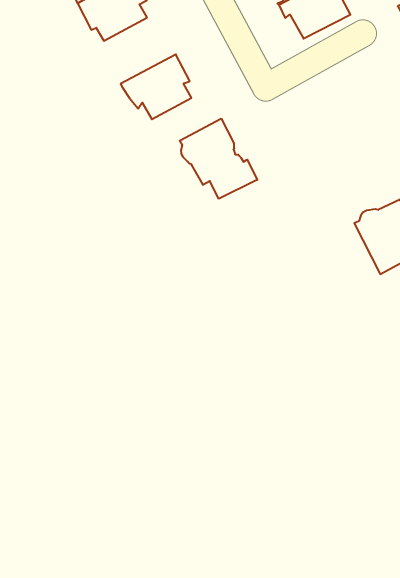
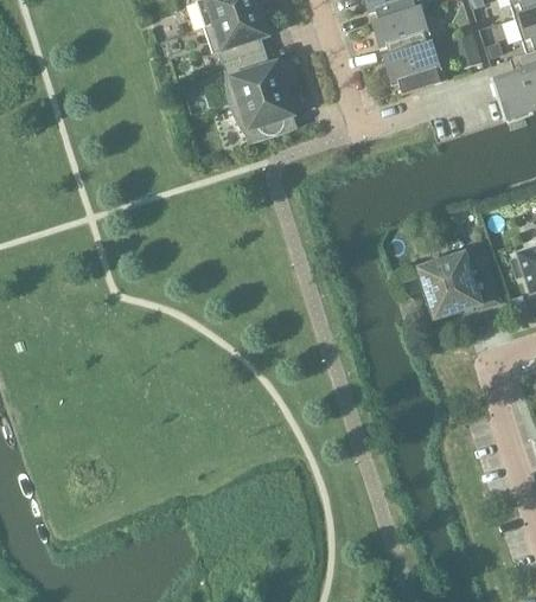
building: none -> [223,50,286,105]
building: [180,119,257,199] -> none

